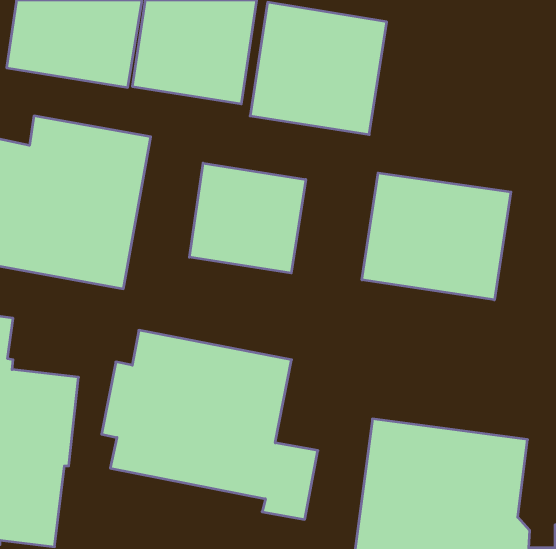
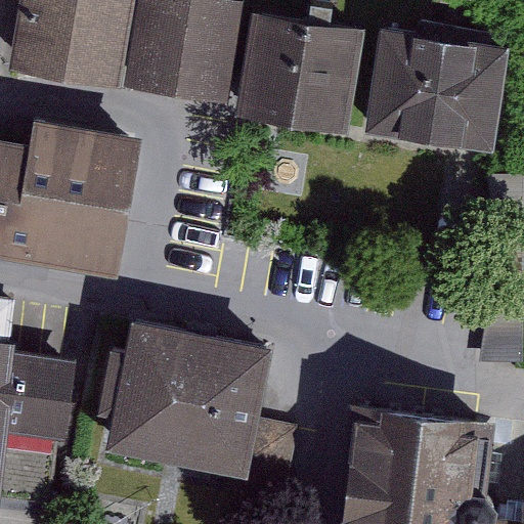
building: none -> [363,30,508,155]
building: [189,163,306,273] -> none
building: [362,173,511,300] -> none

